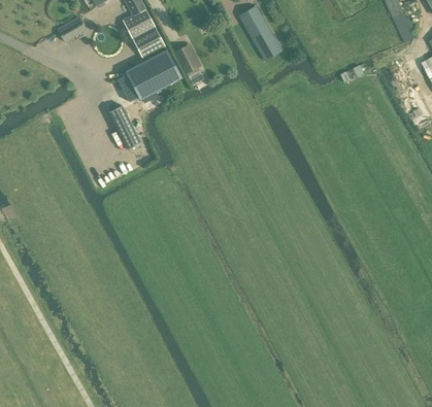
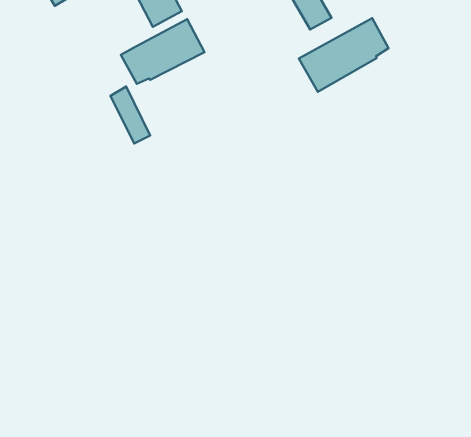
building: [175,43,201,73] -> none
building: none -> [299,18,388,92]

